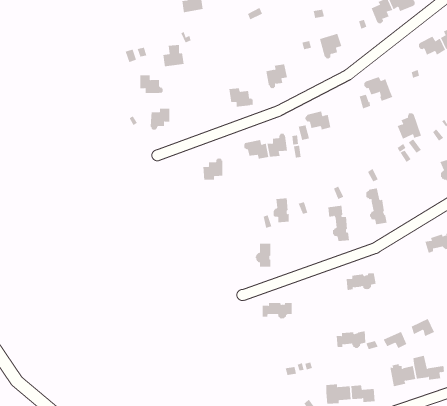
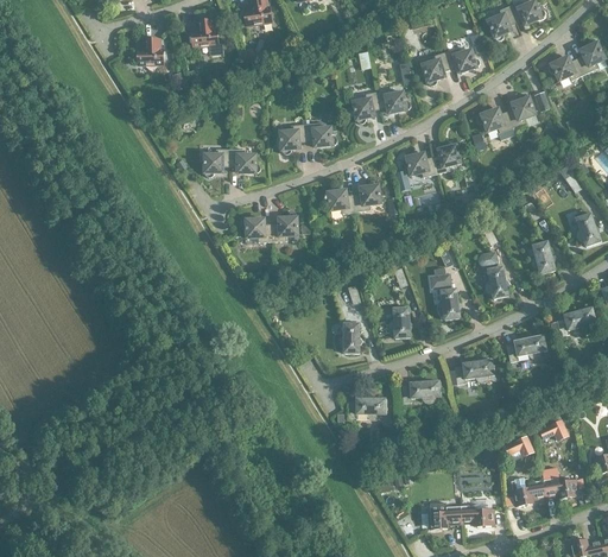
building: none -> [137,37,164,63]
building: none -> [444,46,480,71]
building: [162,45,185,67] -> [190,18,218,46]
building: none -> [376,88,410,112]
building: [139,75,163,93] -> [229,147,260,171]
building: none -> [279,122,306,153]
building: none -> [432,140,460,172]
building: [397,113,422,140] -> [506,93,538,127]
building: none -> [241,217,272,242]
building: none -> [531,239,555,273]
building: [273,198,289,223] -> [388,305,410,337]
building: none -> [506,334,546,359]
building: [336,331,366,349] -> [401,379,441,401]

